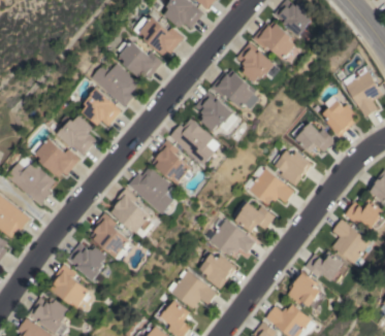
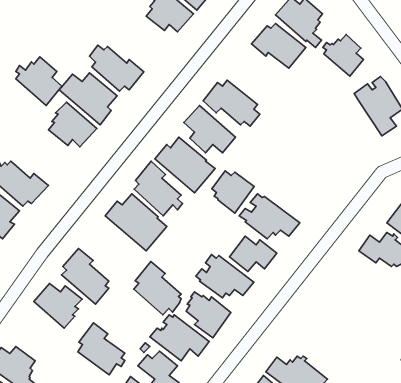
building: [132,16,183,56] -> none
building: none -> [323,35,364,76]
building: [237,44,277,82] -> none
building: [322,97,356,137] -> none
building: [56,115,95,157] -> [16,57,62,105]
building: [291,124,334,154] -> none
building: [275,150,311,187] -> [212,171,254,213]
building: [111,189,152,234] -> [134,261,181,315]
building: [332,220,373,268] -> none
building: [306,251,351,281] -> none
building: [51,265,91,309] -> [78,323,125,375]
building: [288,271,323,309] -> none

